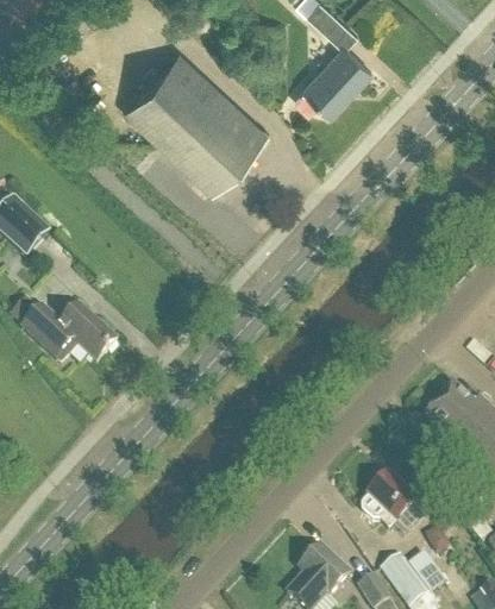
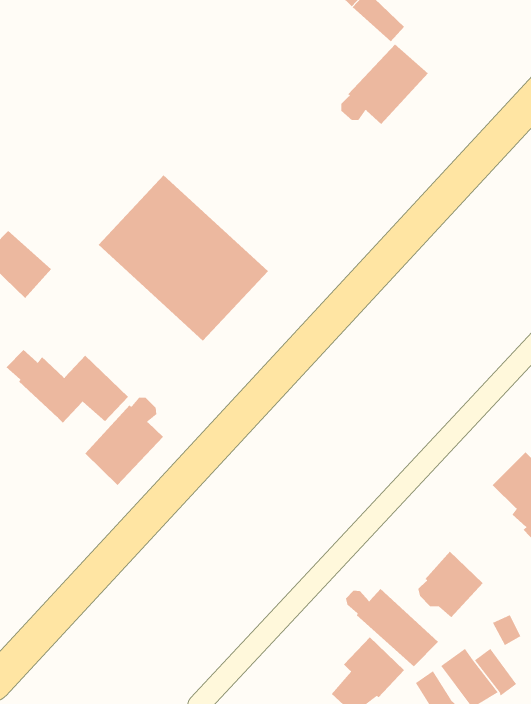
building: [123,43,268,184] -> [98,175,269,341]
building: none -> [85,397,164,486]
building: none -> [345,588,439,667]

